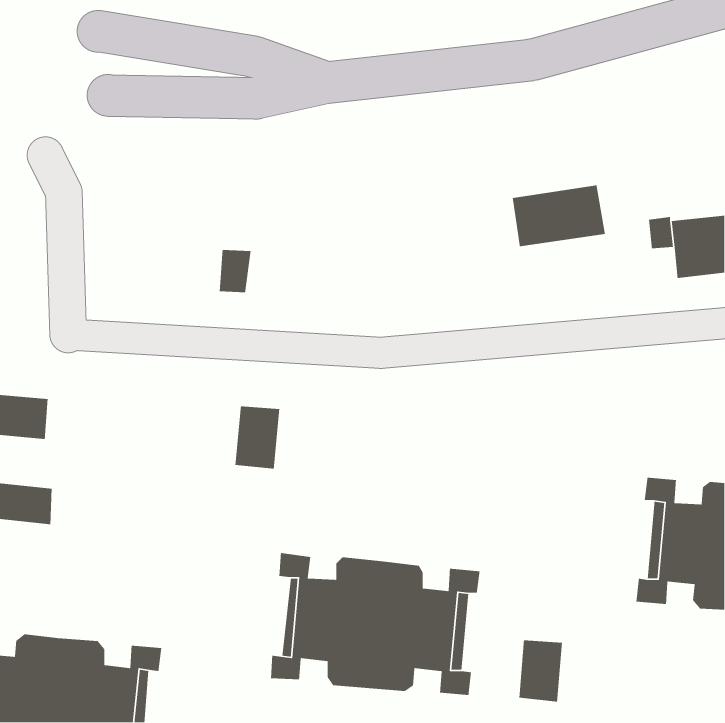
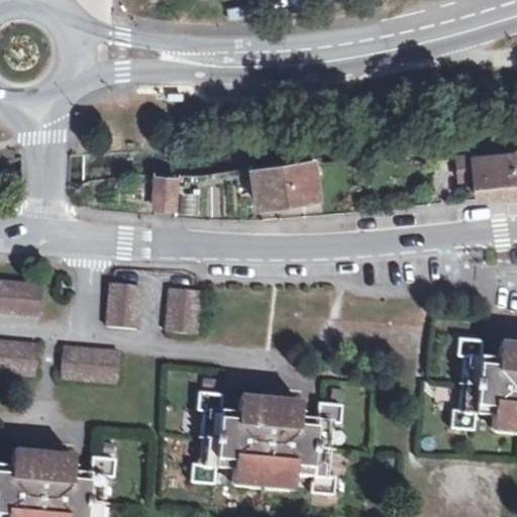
building: [512,185,606,247] -> [255,159,322,203]
building: none -> [108,283,139,328]
building: none -> [61,347,120,381]
building: [519,640,563,702] -> none

